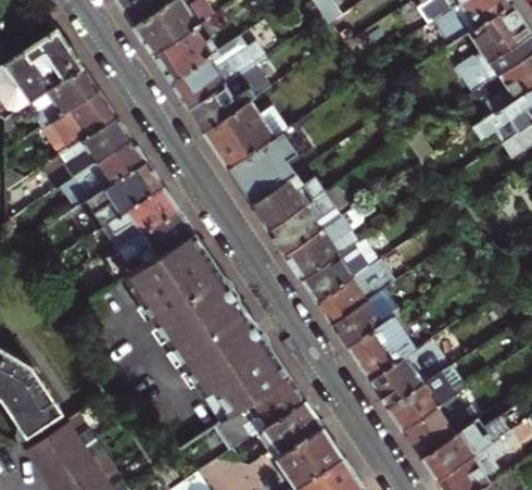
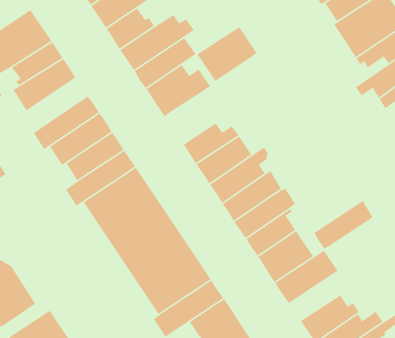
building: [41,118,131,191] -> none
building: [229,133,307,204] -> [196,26,257,82]
building: [389,366,466,430] -> [313,200,373,250]

